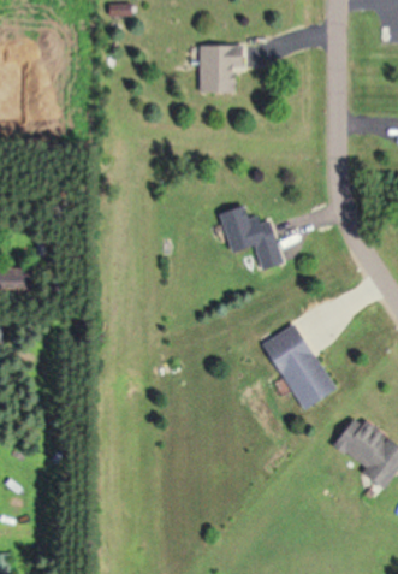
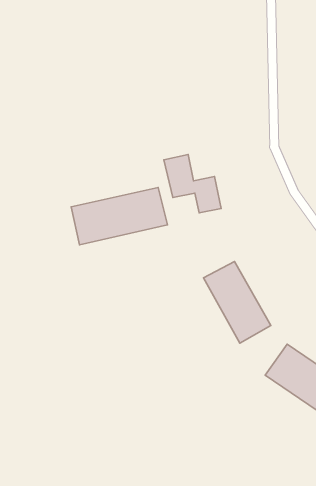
building: [198,46,243,91] -> none
building: none -> [71,188,168,245]

